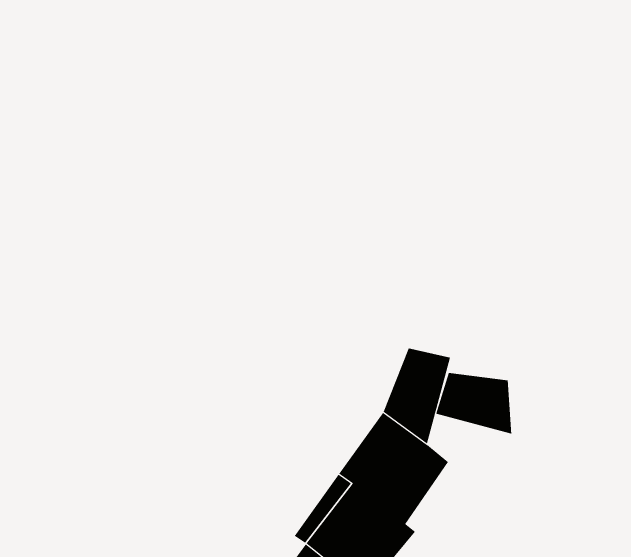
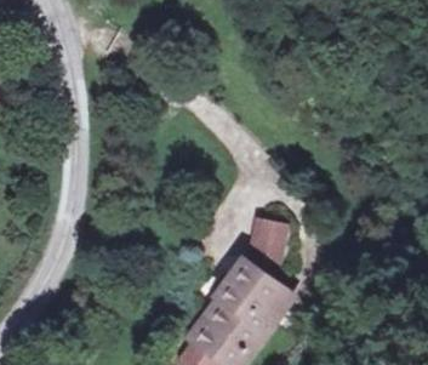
building: [436,372,512,435] -> none

